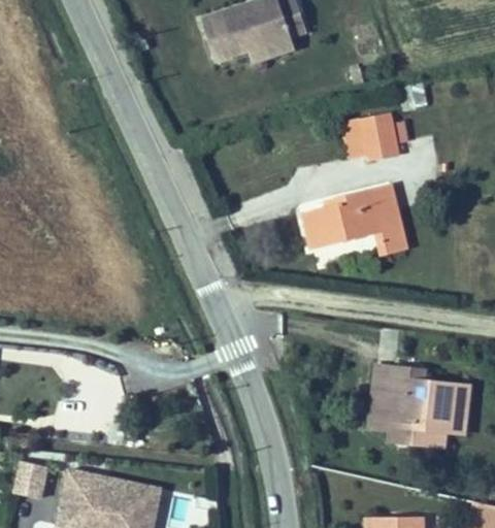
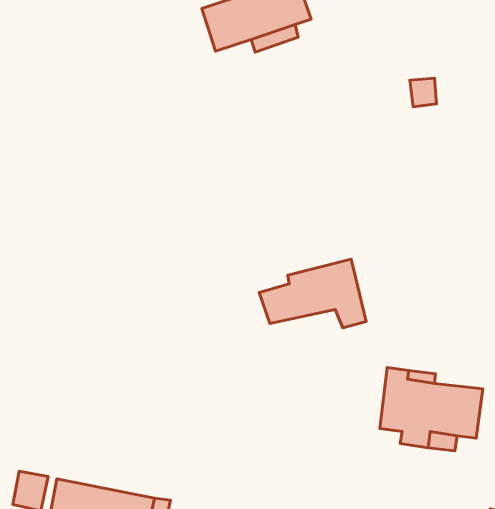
building: [339,118,398,161] -> none
building: [304,184,407,250] -> [259,259,366,328]

